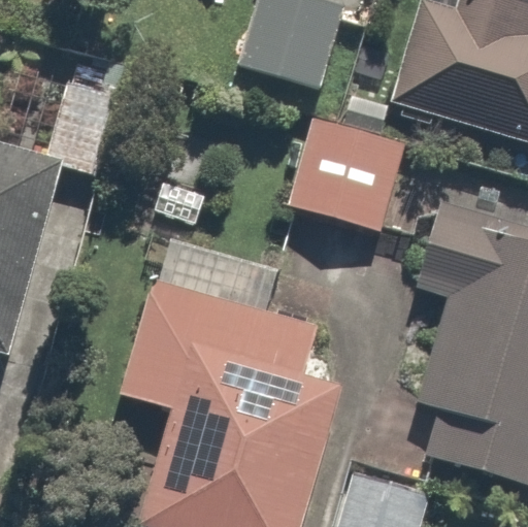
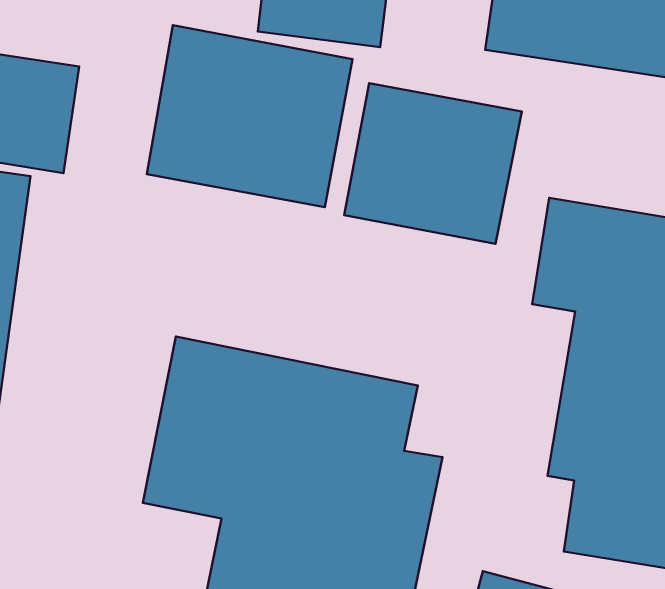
building: none -> [147,25,353,207]

